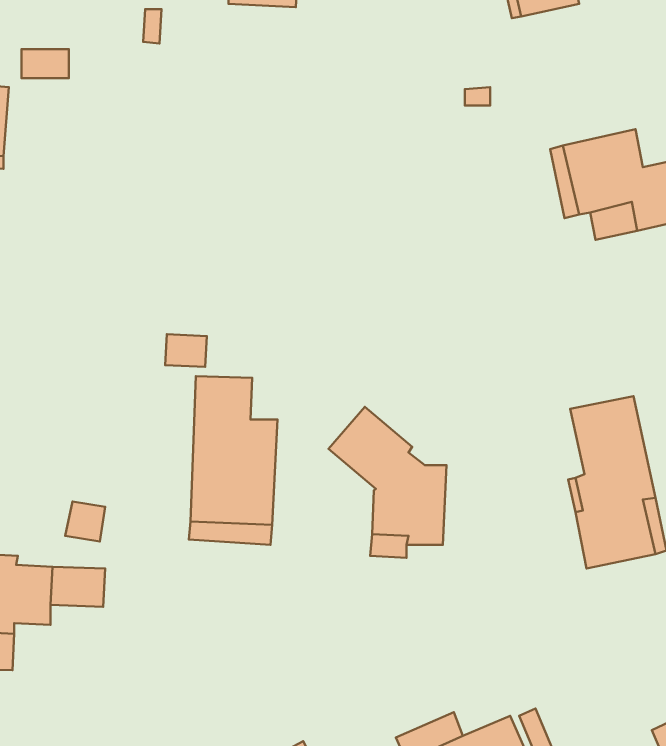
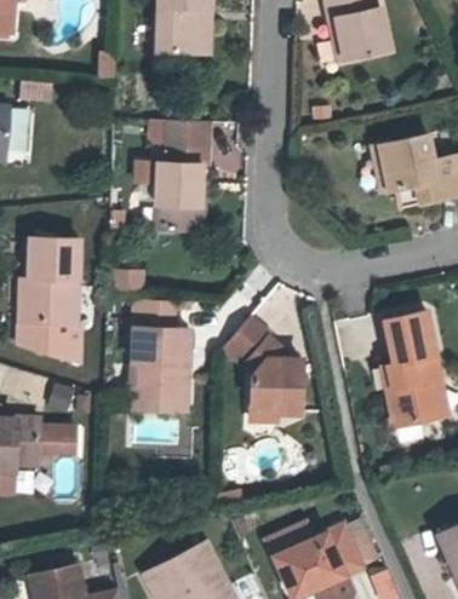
building: none -> [155,121,208,231]
building: none -> [18,238,81,363]

